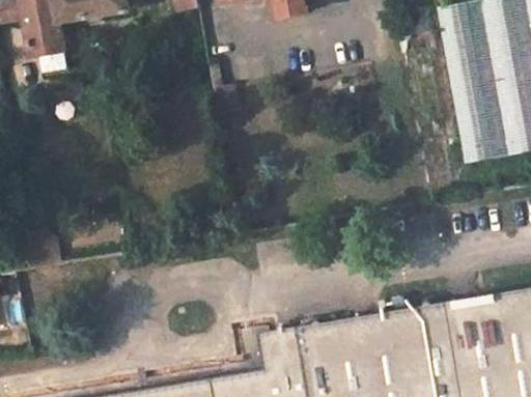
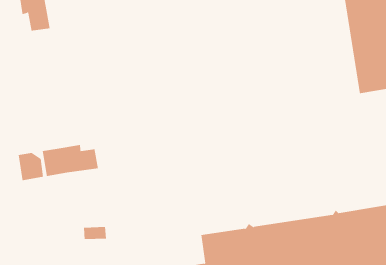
building: none -> [42,144,99,177]

